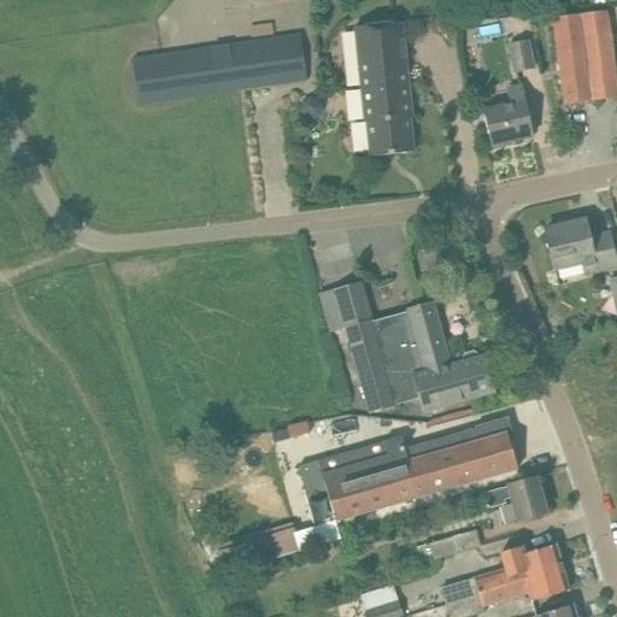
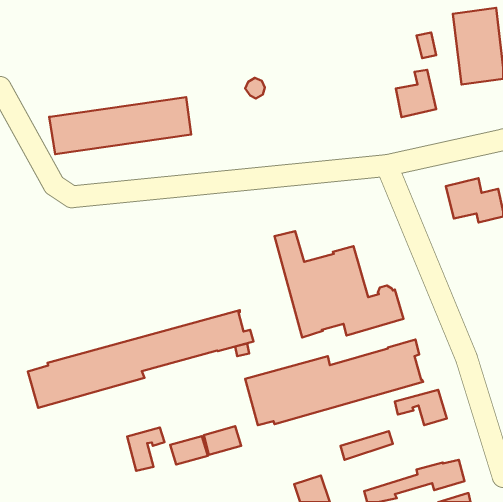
building: [354,20,415,155] -> none
building: [134,34,307,104] -> [49,97,191,154]
building: none -> [28,310,253,408]
building: none -> [127,427,164,471]
building: [442,543,562,601] -> none

